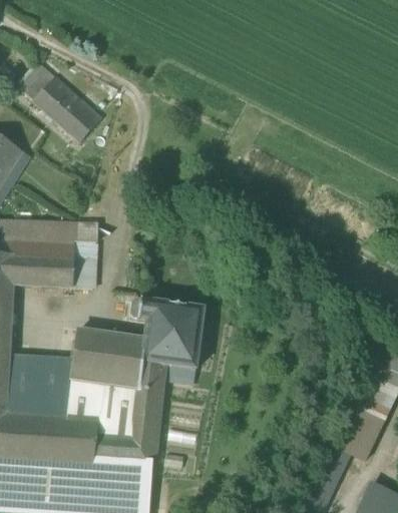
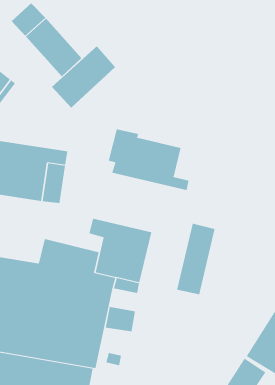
building: none -> [51,46,116,108]
building: none -> [108,128,189,191]
building: none -> [176,223,215,295]
building: none -> [105,306,135,332]

